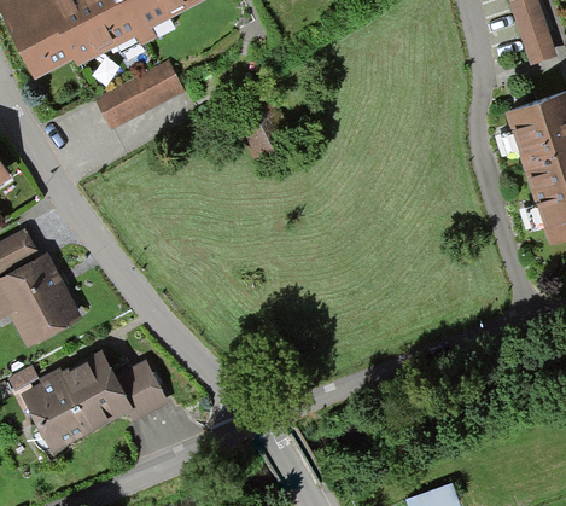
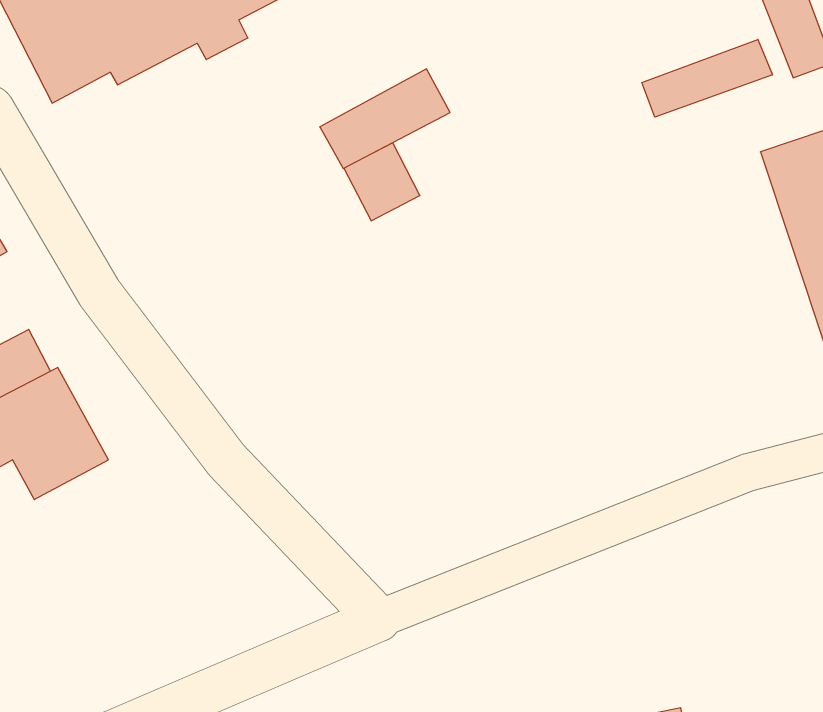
building: none -> [642,39,772,117]
building: [97,59,183,126] -> [320,69,450,169]
building: [19,348,168,452] -> none

